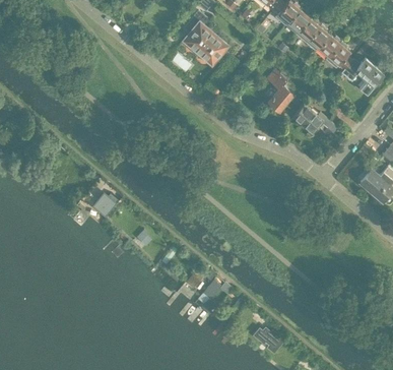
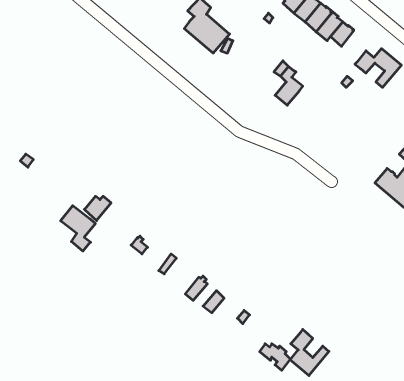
building: [326,43,351,71] -> none
building: [293,104,336,136] -> none
building: none -> [61,206,95,251]
building: none -> [290,329,329,376]

